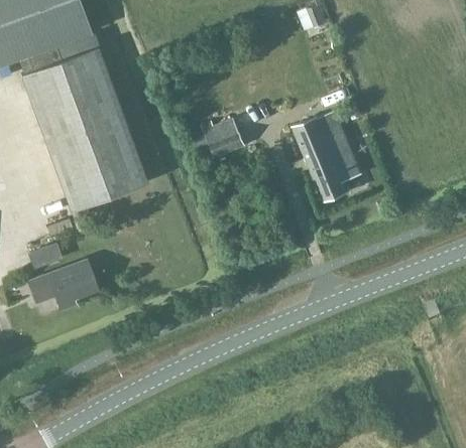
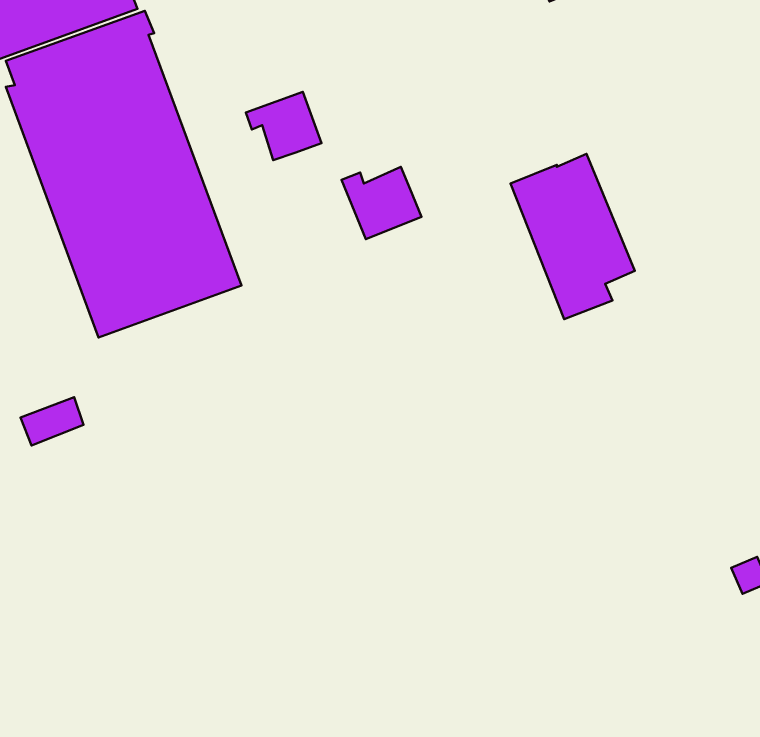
building: none -> [246,92,321,160]
building: [29,261,98,310] -> none

